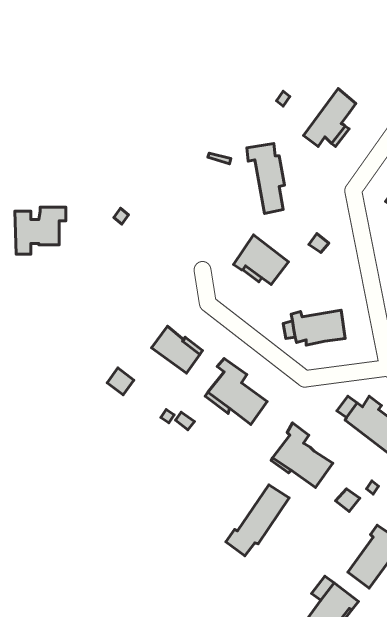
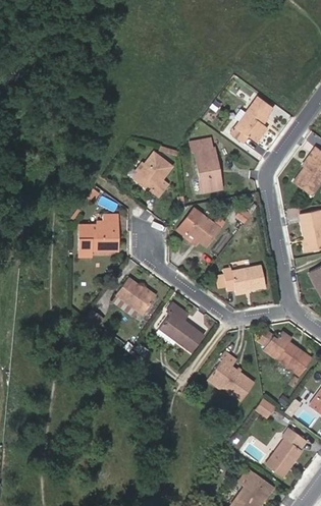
building: none -> [133,153,171,196]
building: [15,207,66,254] -> [78,221,117,257]
building: [226,485,289,556] -> none

